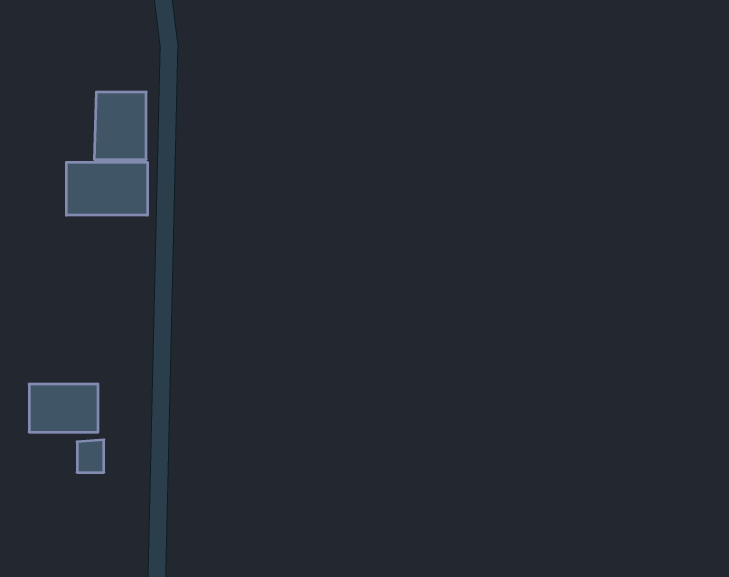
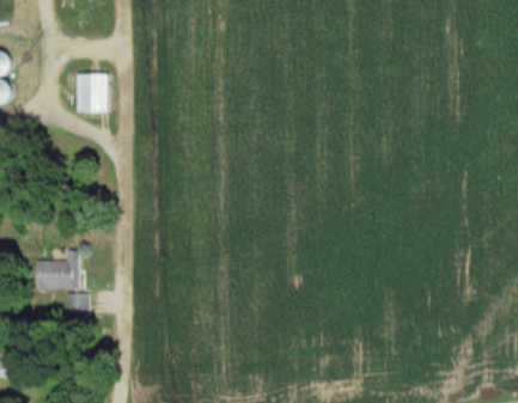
building: [66,162,147,215] -> none

